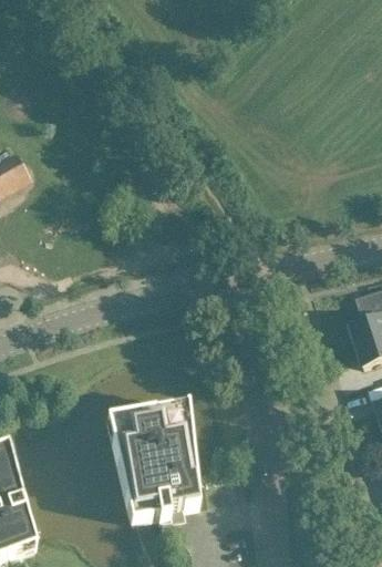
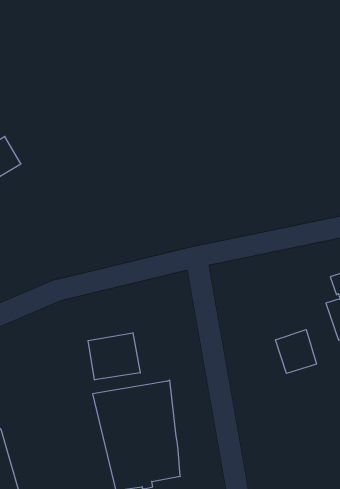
building: none -> [276,330,316,373]
building: none -> [88,333,140,380]

